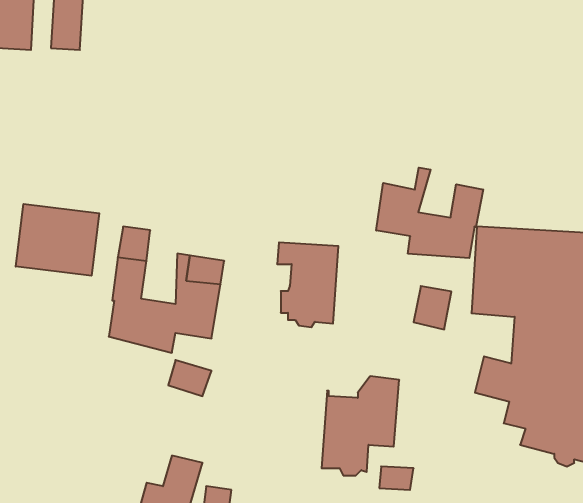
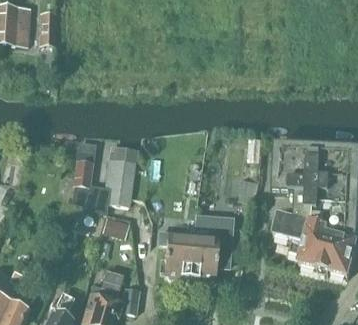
building: [376,168,483,258] -> none
building: [16,204,99,276] -> none
building: [277,242,338,327] -> [160,231,194,278]

